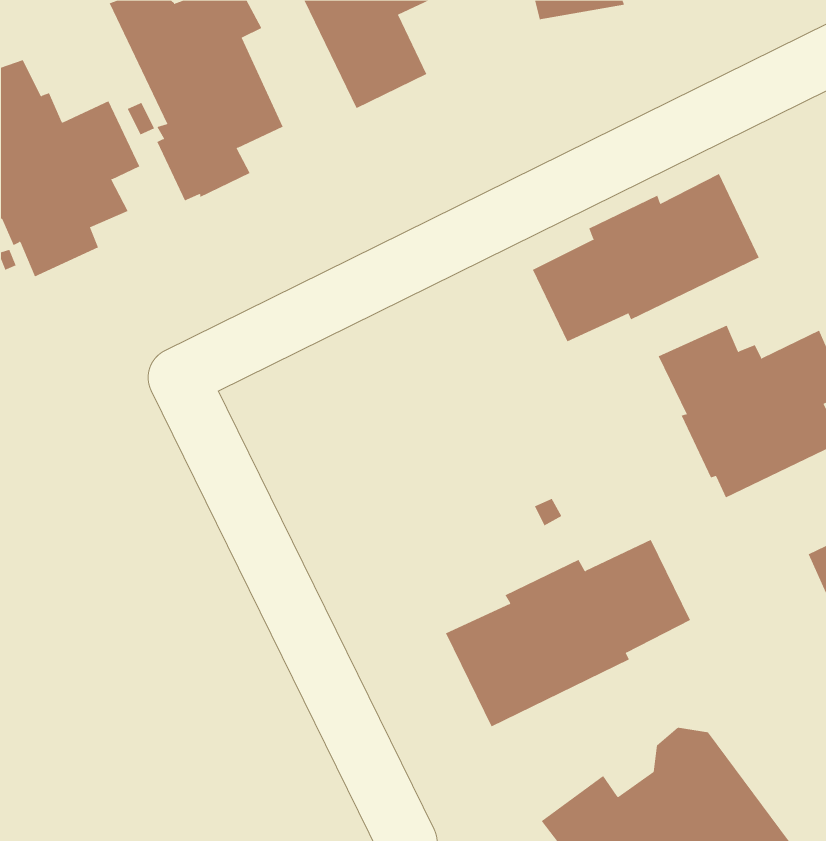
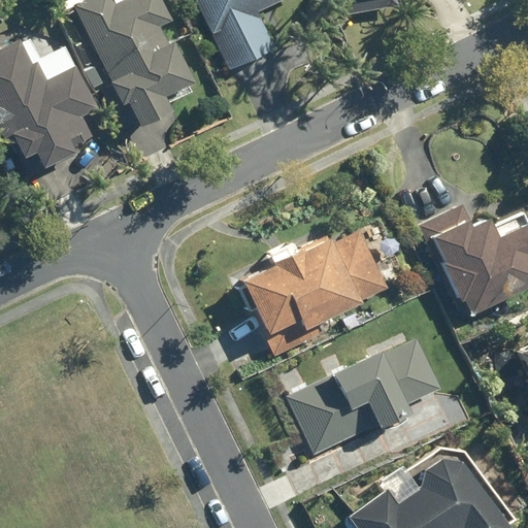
building: [532,173,760,342] -> none
building: none -> [236,230,389,357]

